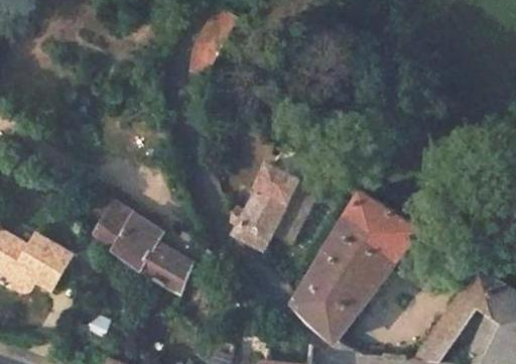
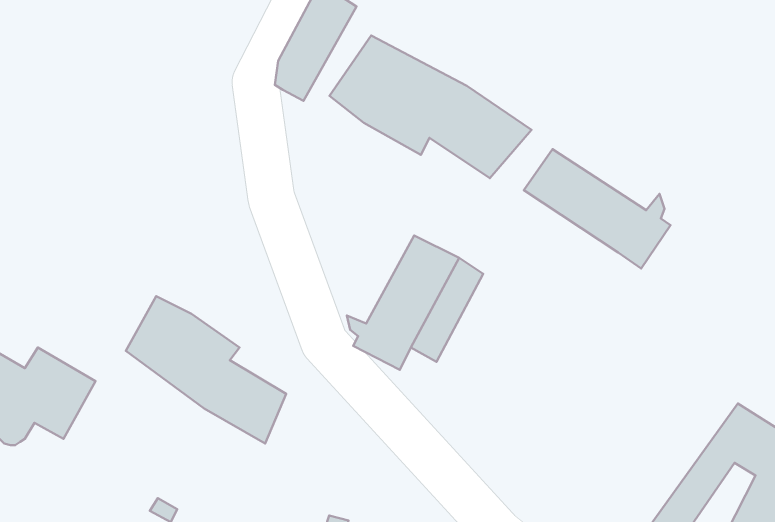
building: none -> [329,35,531,178]
building: none -> [524,149,671,268]
building: [295,192,418,339] -> none

